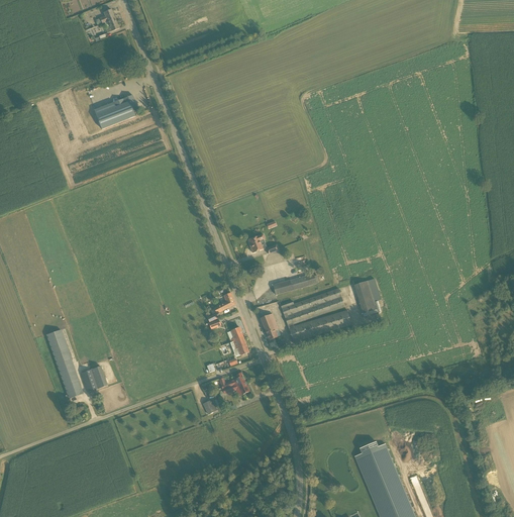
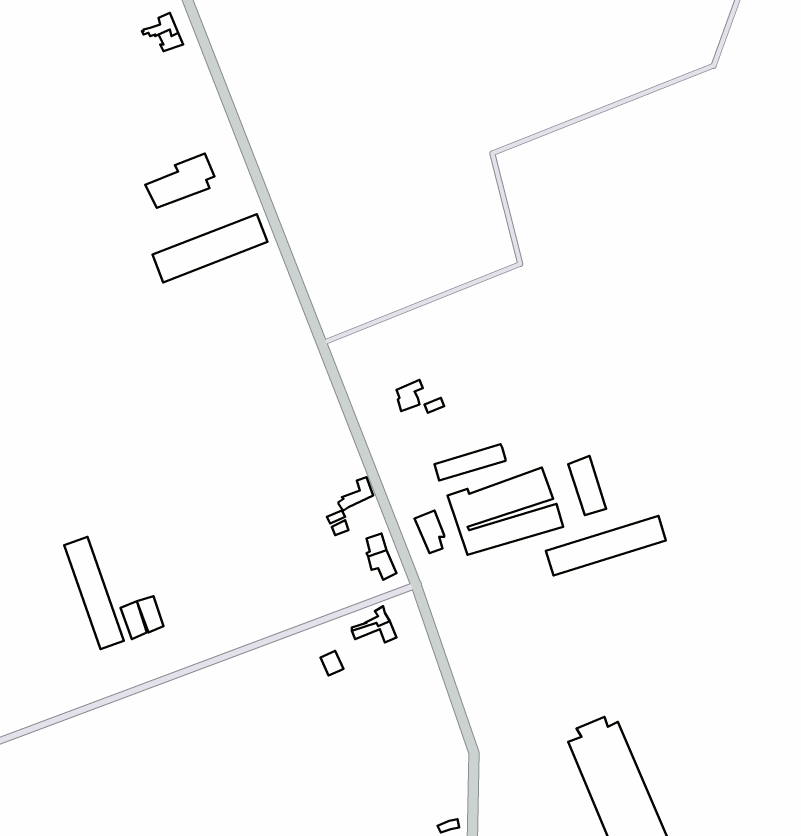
building: none -> [153,214,267,282]
building: none -> [546,516,666,576]

